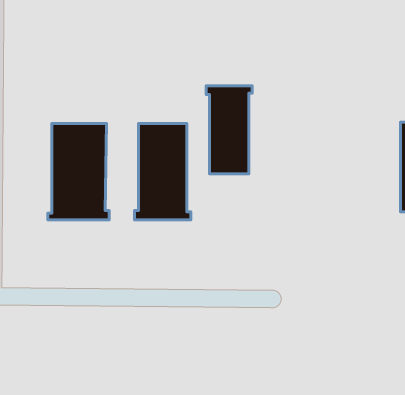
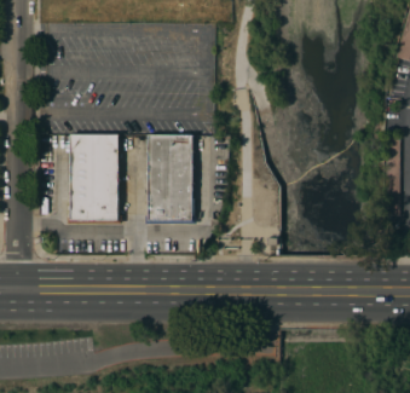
building: [206,86,252,174] -> none

